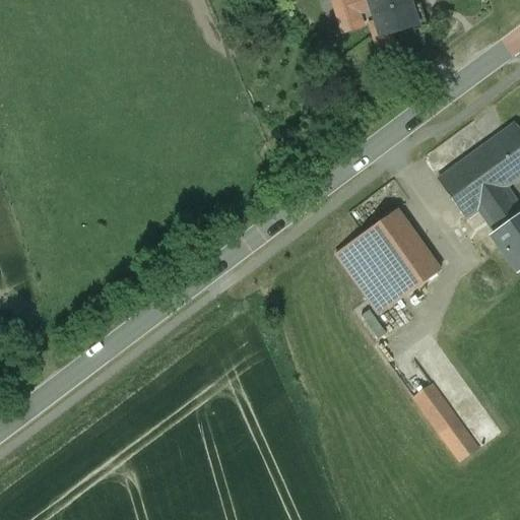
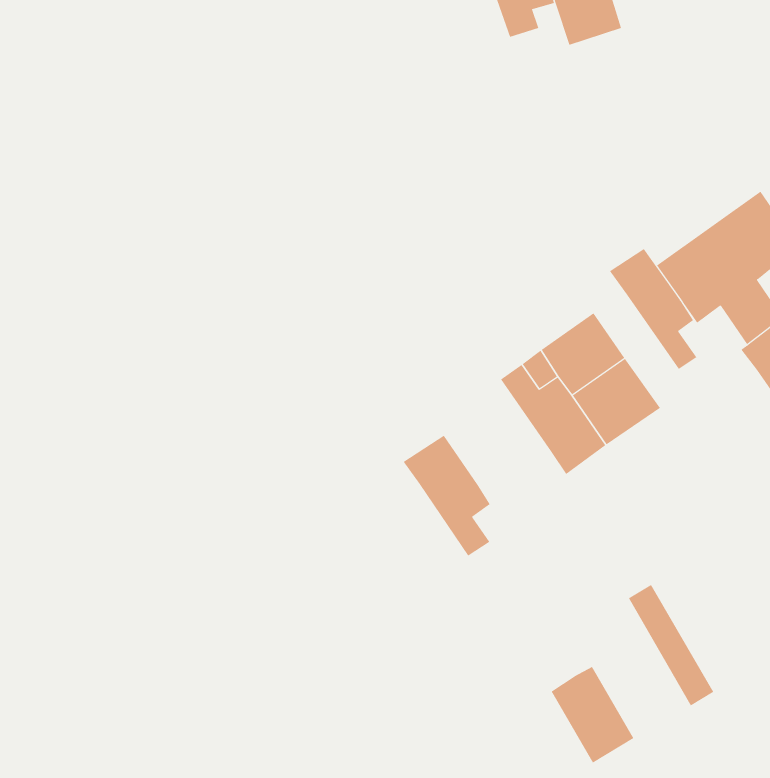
building: none -> [609,248,697,370]
building: none -> [403,435,491,556]
building: none -> [551,666,634,763]

